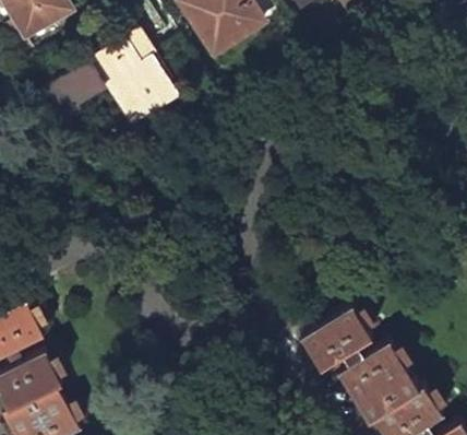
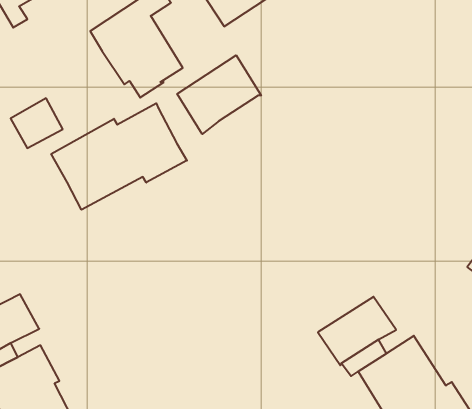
building: [59,61,107,107] -> [11,98,63,148]
building: none -> [177,55,261,134]
building: none -> [51,103,187,210]

